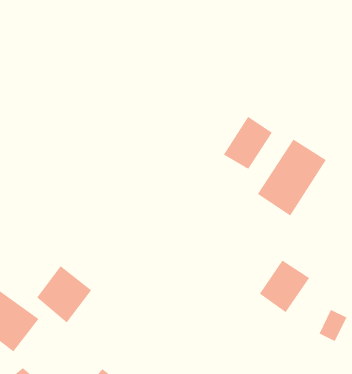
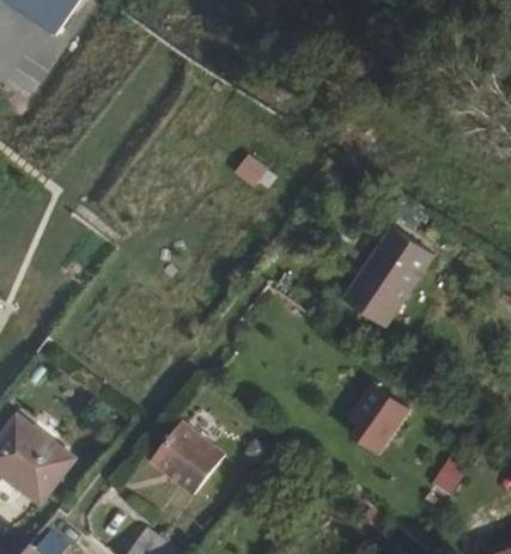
building: [223,116,273,170] -> none
building: [36,265,92,324] -> [156,406,227,481]

